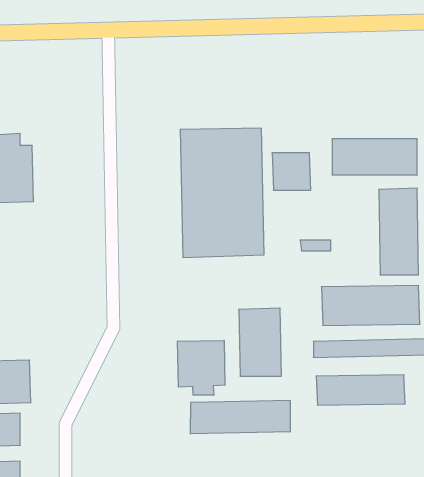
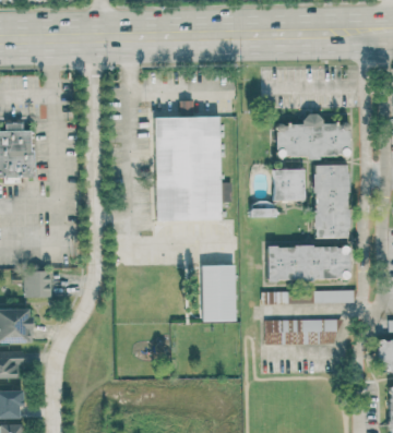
building: [272,153,311,190] -> [274,169,306,200]
building: none -> [24,269,51,297]
building: [178,340,225,395] -> none
building: [190,400,290,434] -> none

